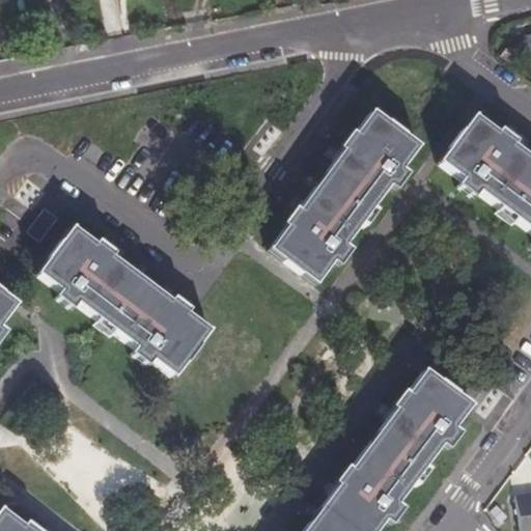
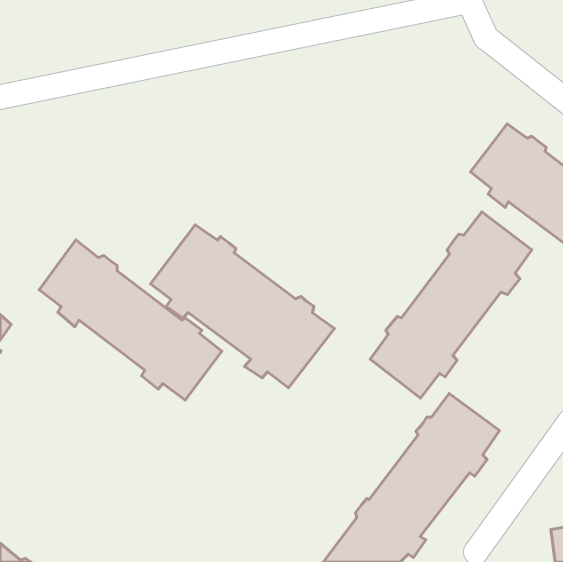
building: [273,111,423,284] -> [370,212,532,398]
building: none -> [150,225,335,388]

